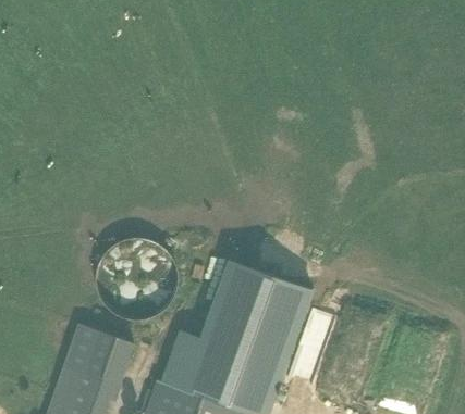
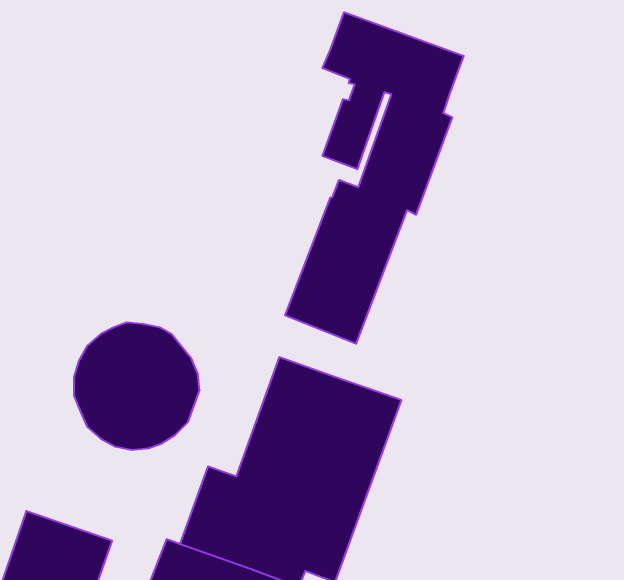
building: none -> [285,12,464,344]
building: [63,324,134,381] -> none

